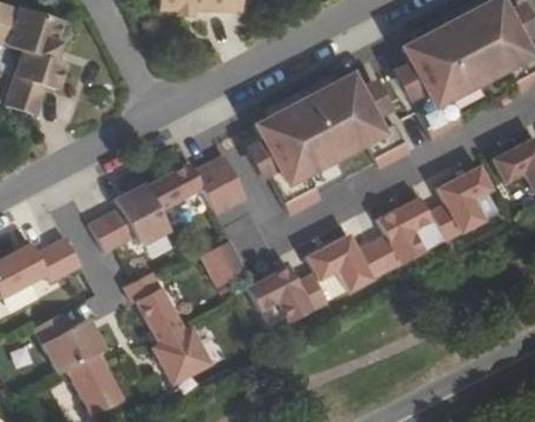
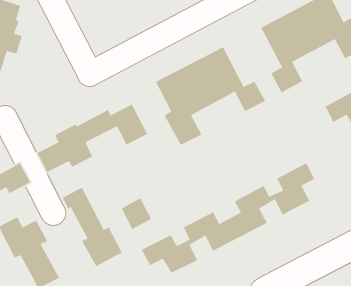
building: [246,165,491,322] -> [141,162,315,274]
building: [202,240,246,286] -> [121,197,152,230]

